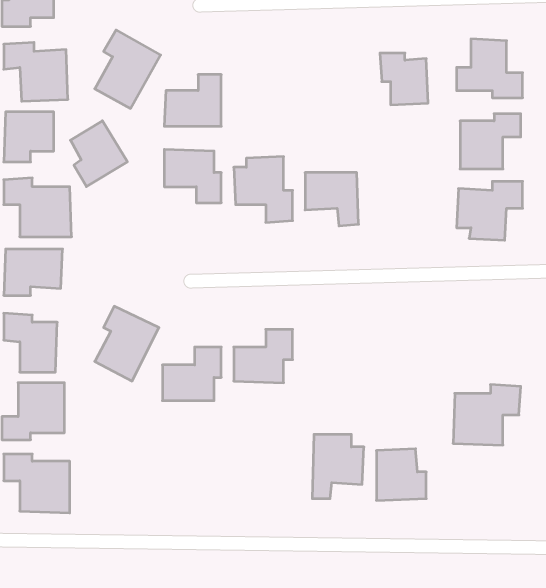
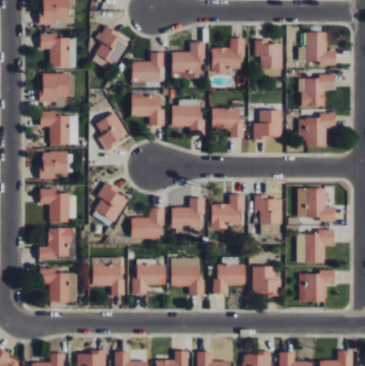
building: none -> [211,38,245,72]
building: none -> [172,42,202,76]
building: [70,121,127,187] -> [96,112,128,149]
building: none -> [253,109,282,139]
building: none -> [297,187,334,222]
building: none -> [210,194,244,229]
building: none -> [254,195,281,235]
building: none -> [93,257,126,295]
building: none -> [170,257,203,296]
building: none -> [131,264,166,294]
building: none -> [299,271,334,302]

